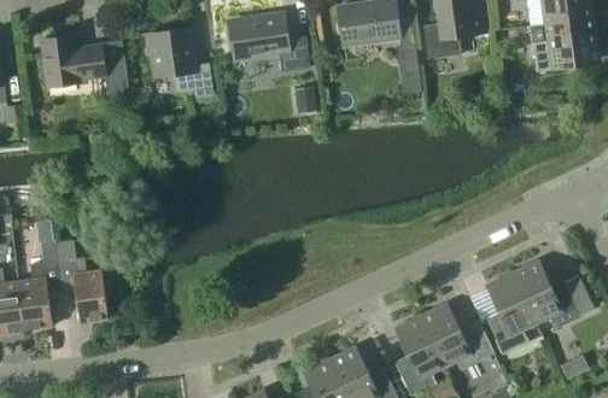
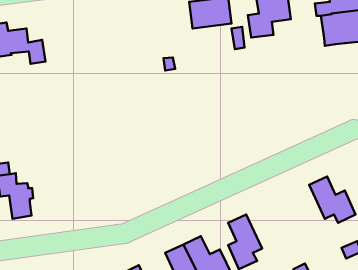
building: [228,13,310,71] -> none
building: [144,27,214,103] -> none
building: [485,273,536,352] -> none
building: [421,303,493,368] -> none

